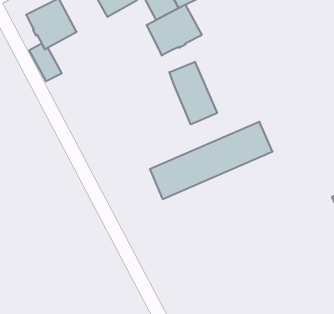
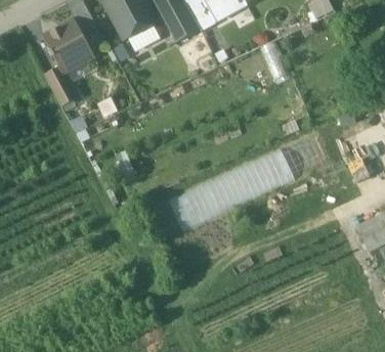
building: [147,5,202,56] -> none
building: [169,62,217,124] -> none

